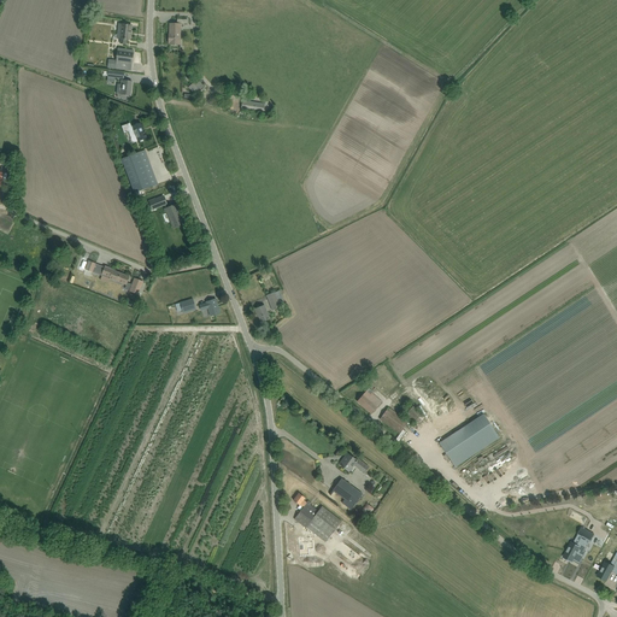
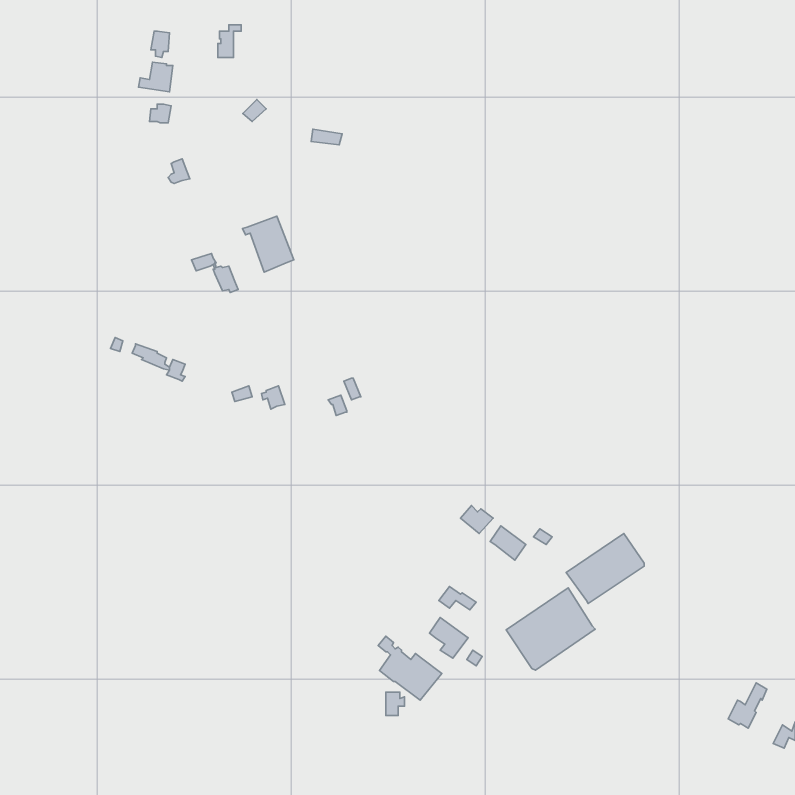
building: [118,151,158,194] -> [243,216,294,272]
building: none -> [506,588,595,670]

